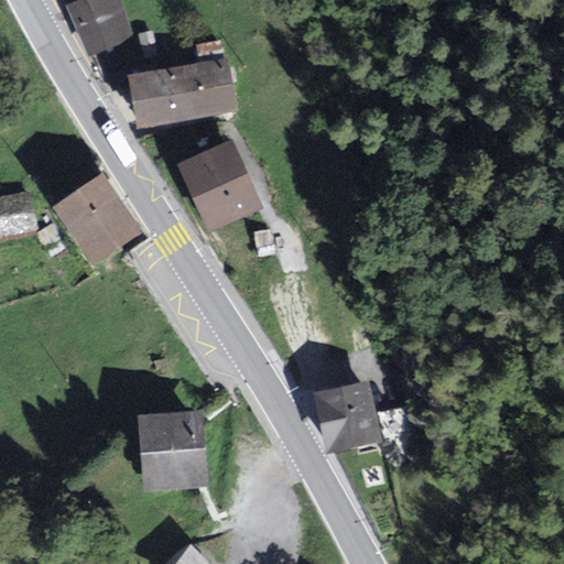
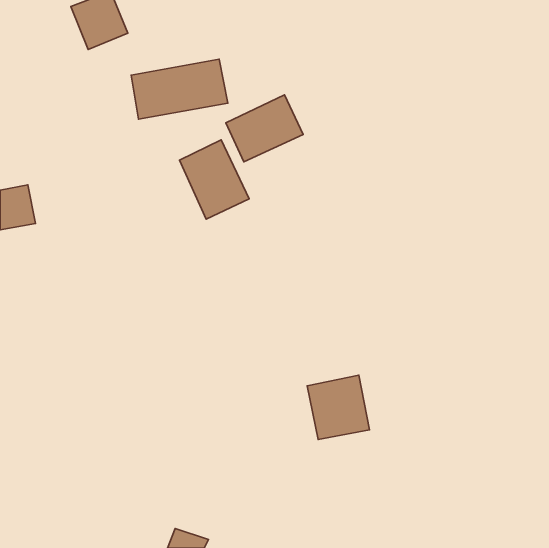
building: none -> [226,95,303,162]
building: [53,172,142,264] -> none
building: [144,416,204,486] -> none

